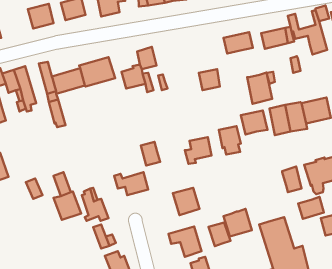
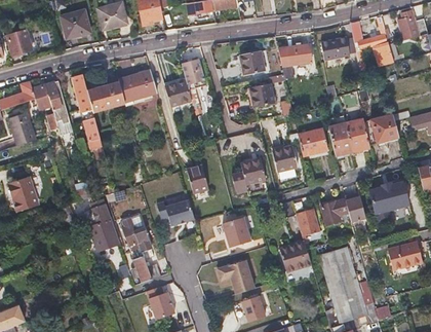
building: none -> [241,50,265,74]
building: [247,72,272,104] -> none
building: [298,197,324,219] -> [320,198,349,223]
building: [209,222,231,246] -> [295,209,319,235]

